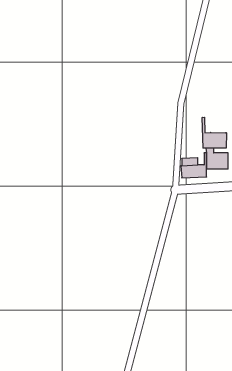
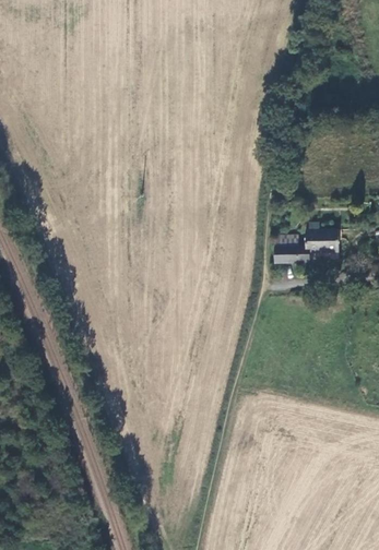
building: [202,117,226,148] -> none

